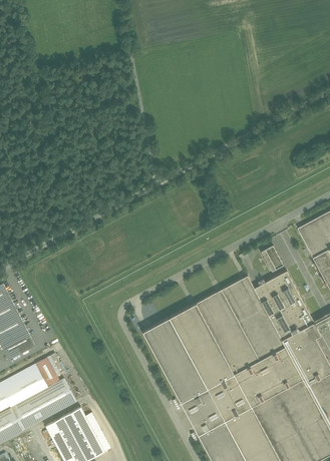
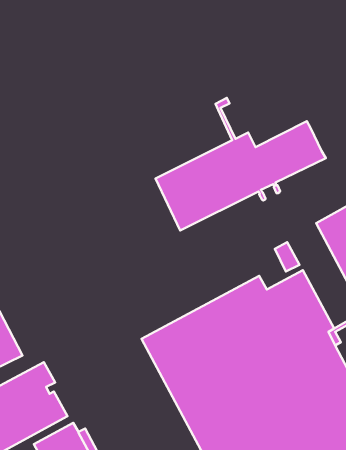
building: none -> [155,98,326,230]

